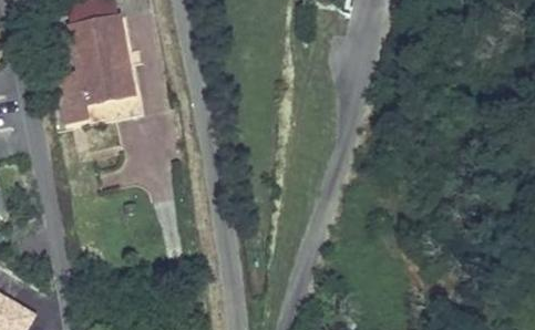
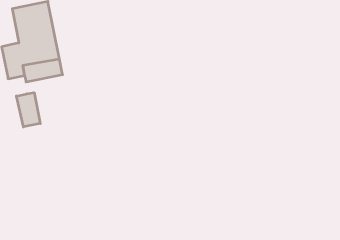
building: none -> [16,93,40,127]

